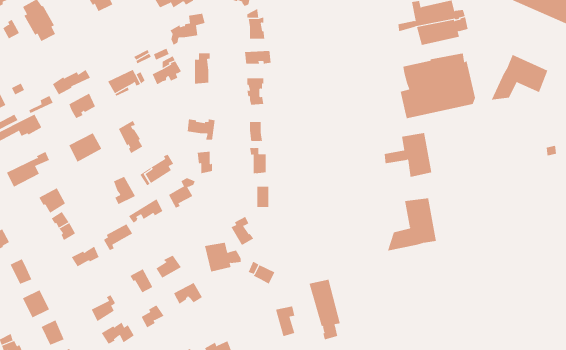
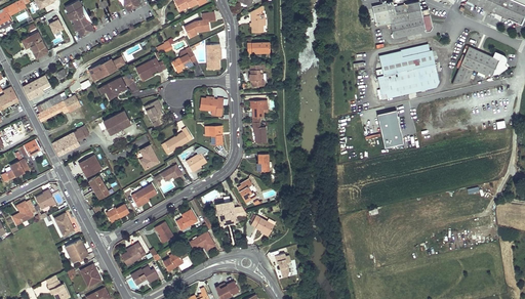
building: [387,197,437,251] -> none
building: [309,279,340,340] -> none

